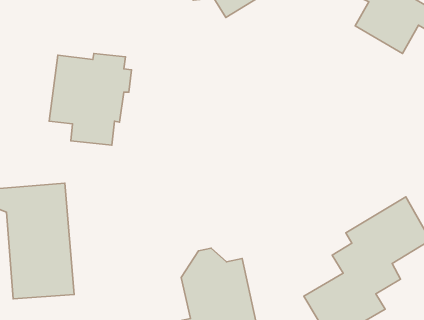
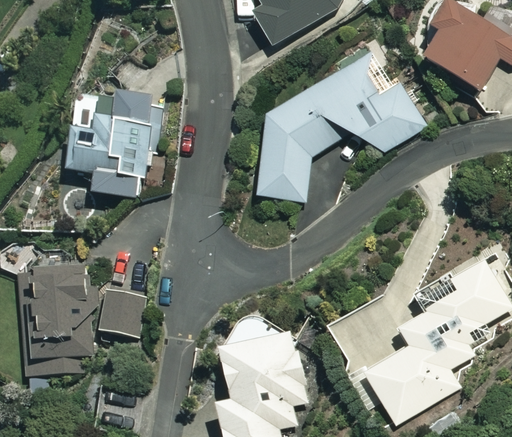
building: none -> [256,58,426,203]
building: none -> [99,287,145,335]

